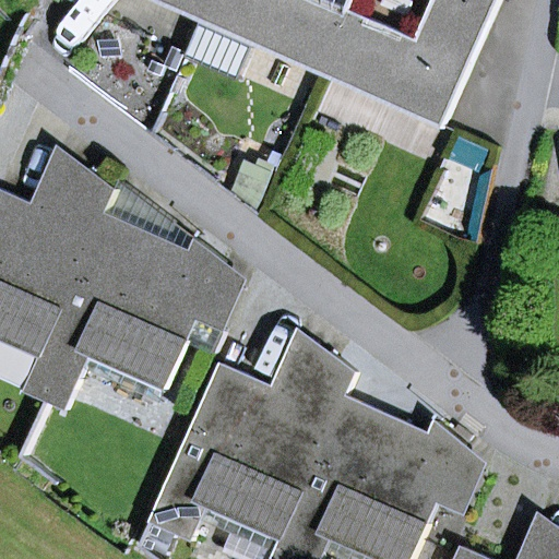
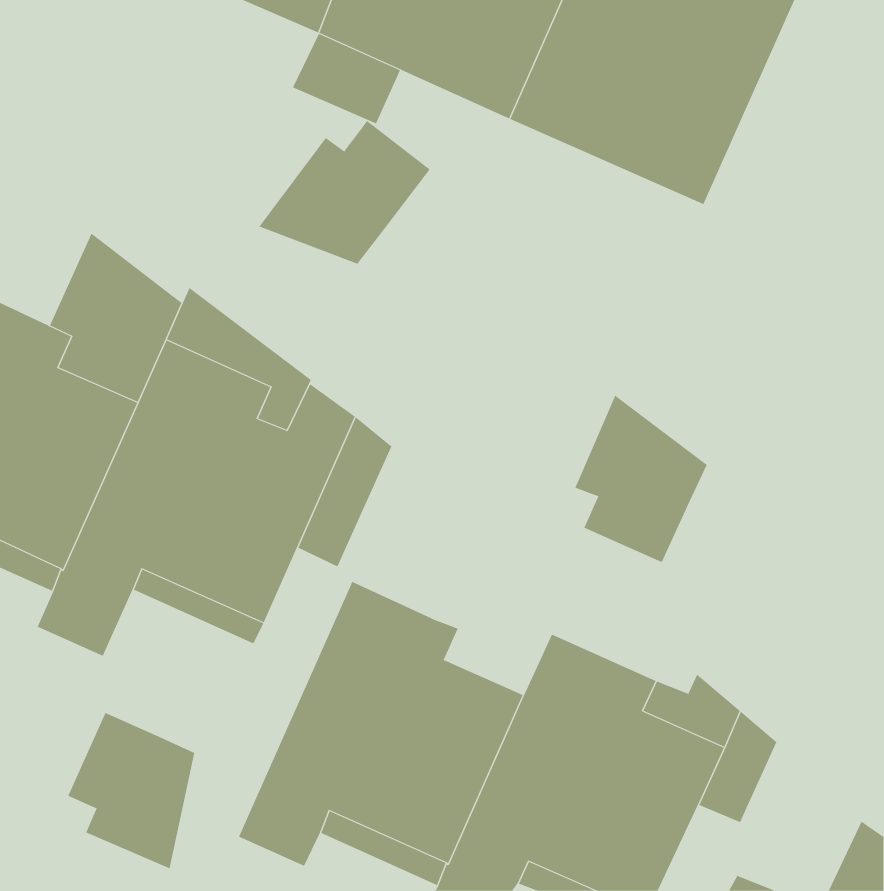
building: none -> [259,120,430,264]
building: [272,329,355,433] -> [575,395,708,563]
building: none -> [67,712,195,869]

